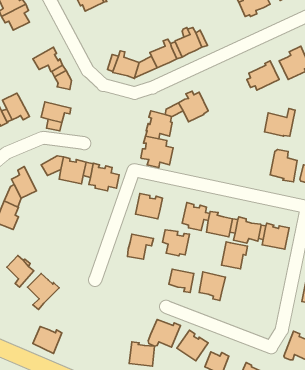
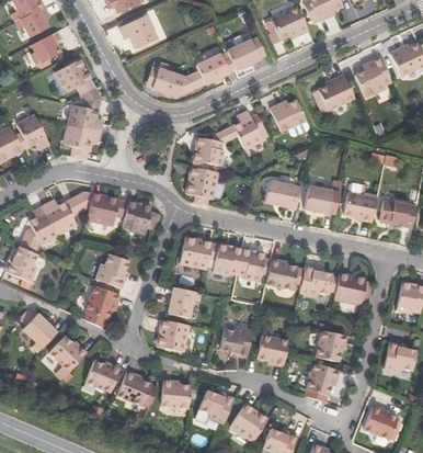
building: none -> [272,7,309,41]
building: none -> [119,15,157,49]
building: none -> [32,31,62,65]
building: none -> [265,98,307,132]
building: none -> [68,104,102,133]
building: [265,108,295,136] -> [302,180,340,214]
building: none -> [263,181,299,209]
building: none -> [43,201,76,234]
building: none -> [94,253,127,287]
building: [163,230,190,256] -> [208,242,241,274]
building: none -> [84,286,118,325]
building: [222,242,248,269] -> [316,329,347,362]
building: none -> [157,319,188,352]
building: none -> [306,362,339,396]
building: none -> [115,371,150,406]
building: [33,326,62,353] -> [83,360,118,393]
building: [129,342,154,366] -> [159,380,190,409]

